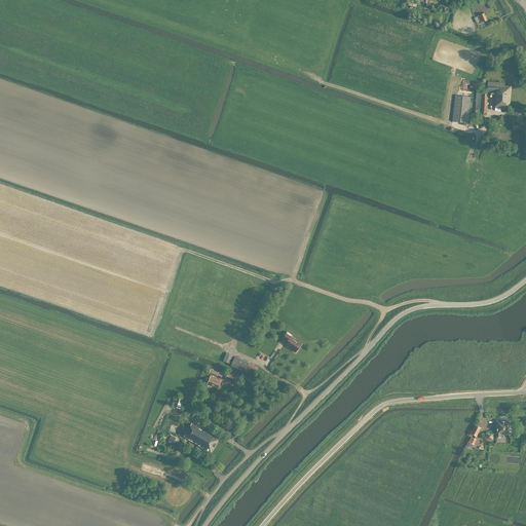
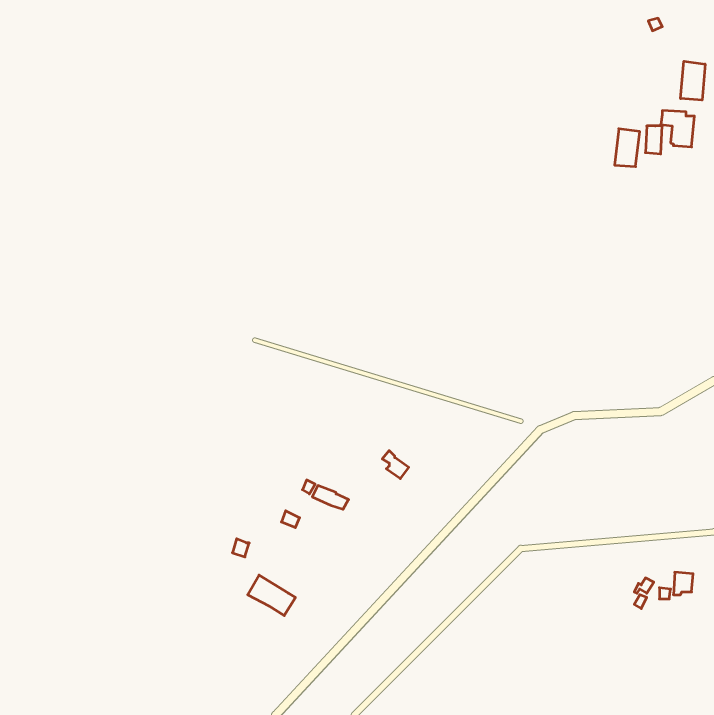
building: none -> [681,61,705,100]

